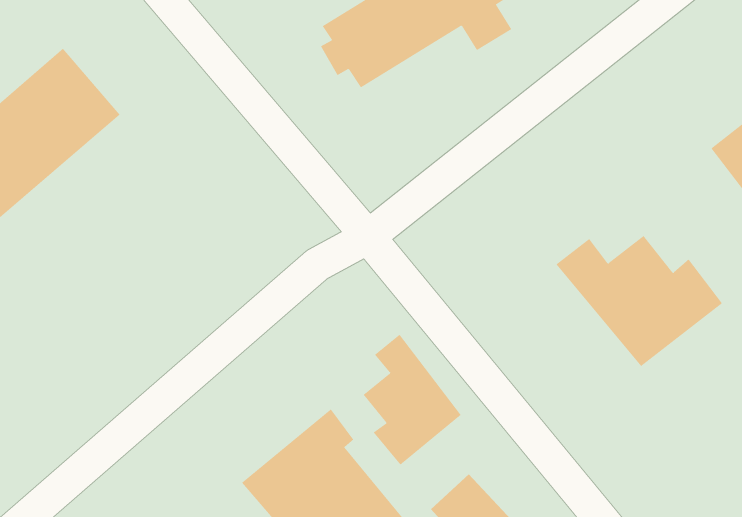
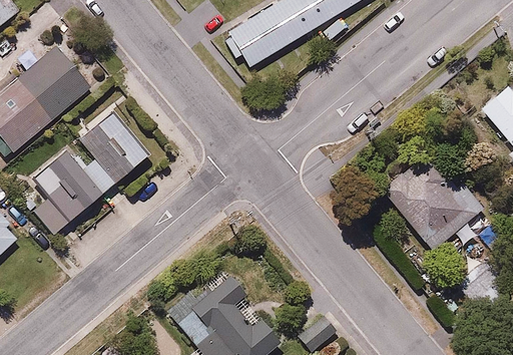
building: none -> [32,112,146,234]
building: [363,334,462,465] -> none

